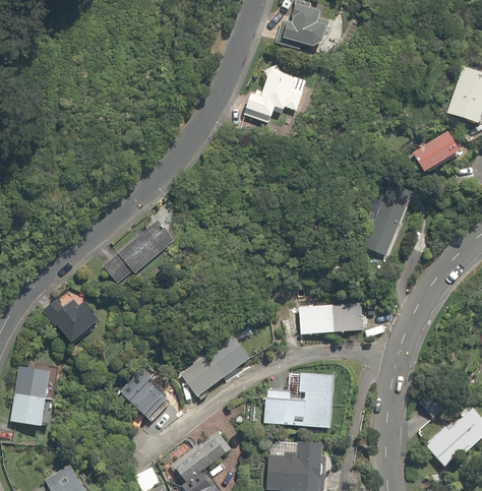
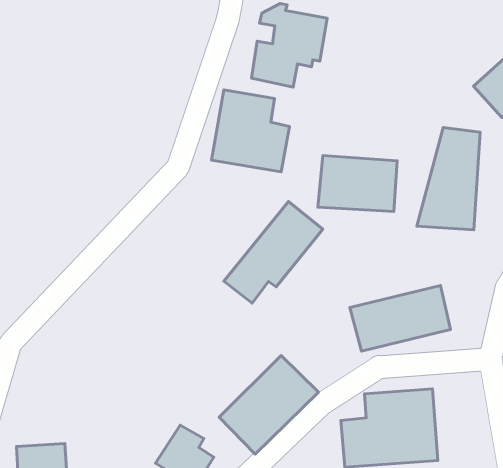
building: none -> [211,90,289,172]
building: none -> [318,156,397,211]
building: [99,216,180,288] -> [224,202,323,303]
building: [38,294,106,349] -> none

